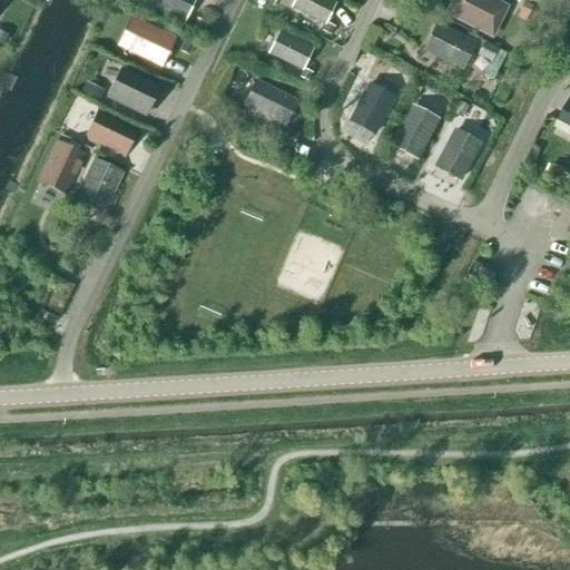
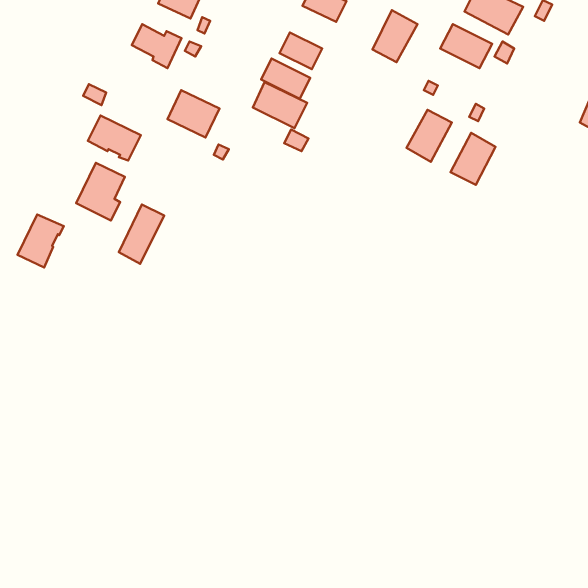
building: none -> [261,59,310,99]
building: [110,69,160,115] -> [167,90,219,138]
building: [352,82,395,132] -> [372,10,417,62]
building: [41,142,86,194] -> [17,214,64,268]
building: none -> [119,205,164,264]

